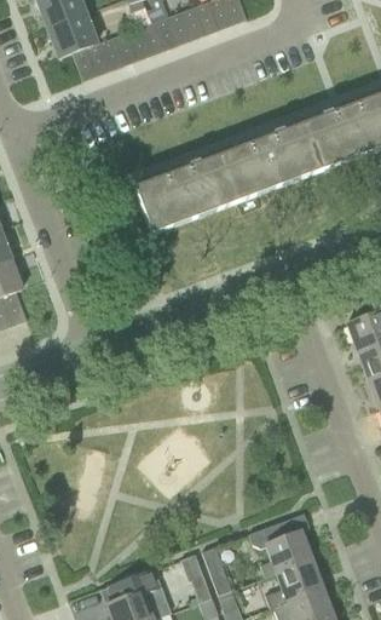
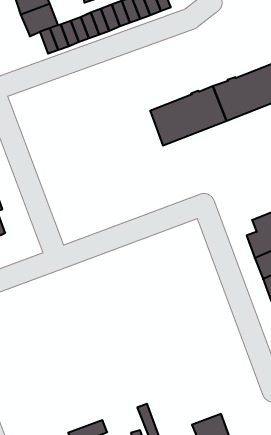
building: [134,156,236,234] -> none
building: [248,522,313,576] -> none

